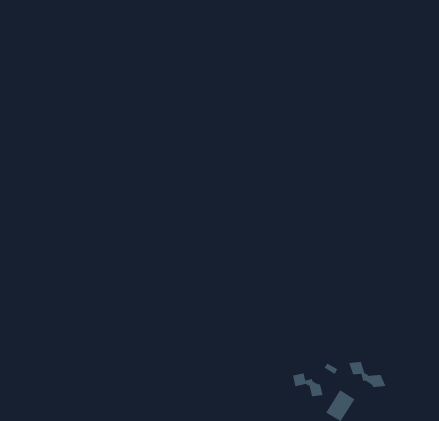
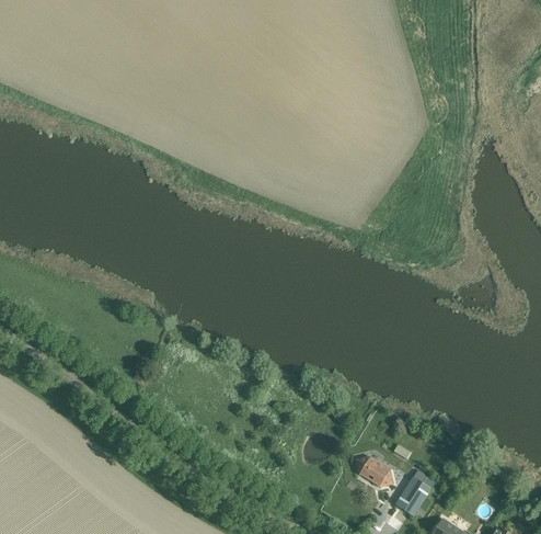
building: [348,361,386,388] -> none

